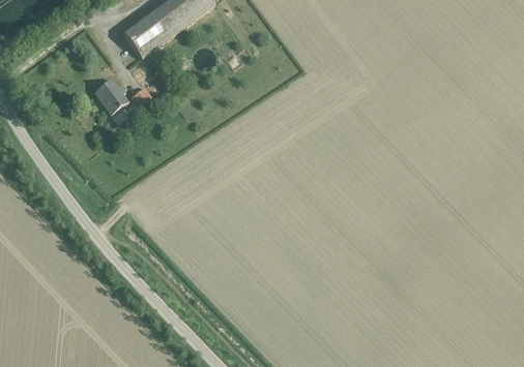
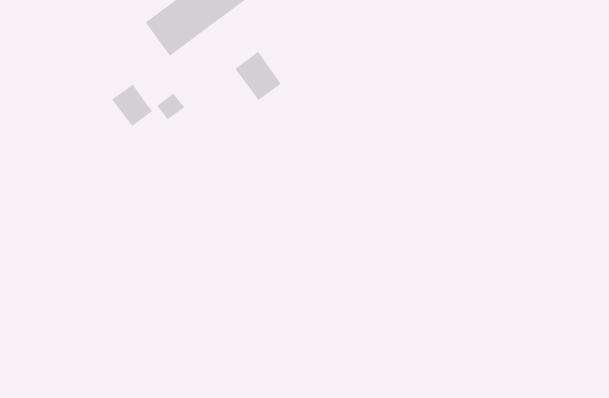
building: none -> [235,51,282,101]

